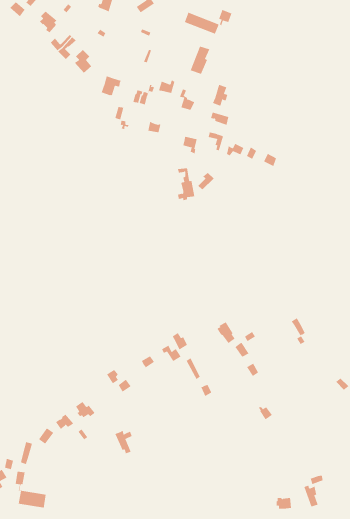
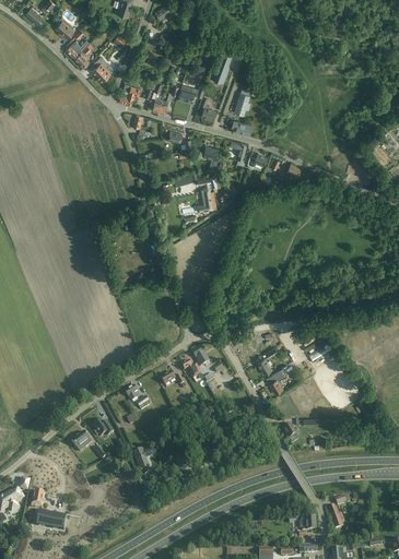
building: [184,9,232,35] -> none

